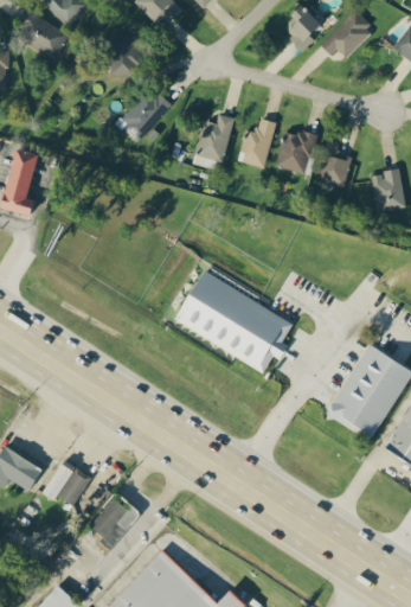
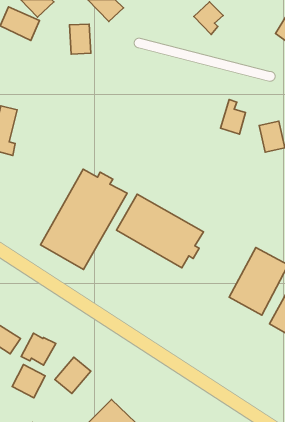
building: [320,9,374,57] -> none
building: [116,92,172,141] -> none
building: [197,115,232,161] -> none
building: [239,119,274,167] -> none
building: [276,130,315,174] -> none
building: none -> [40,169,127,270]
building: none -> [12,365,45,398]

